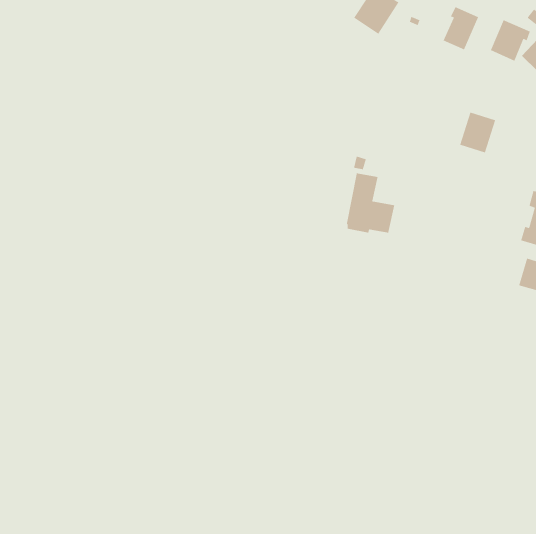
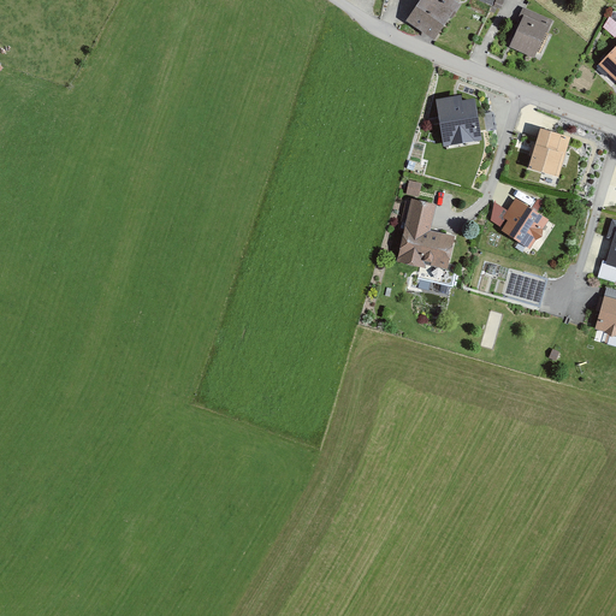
building: [490,19,531,62] -> none
building: none -> [436,94,480,144]
building: none -> [500,197,547,248]

